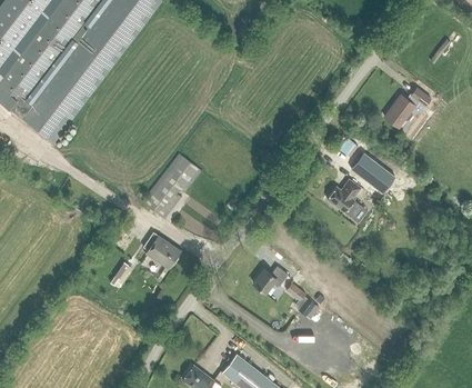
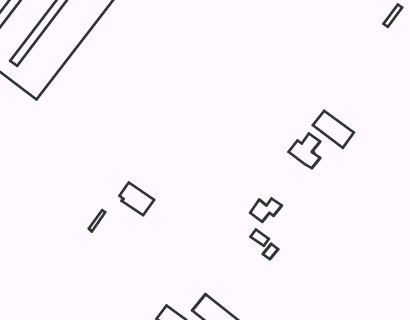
building: [383,87,430,127] -> none
building: [141,152,200,217] -> none
building: [252,267,287,292] -> [250,198,282,222]

